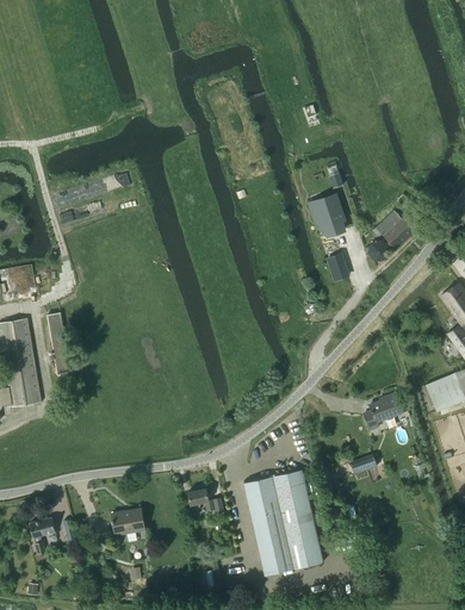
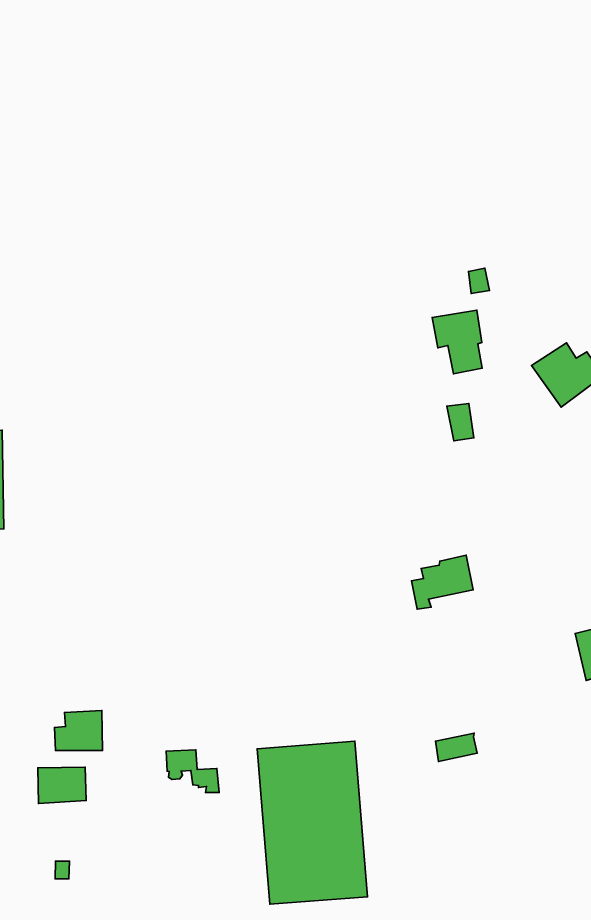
building: [364,392,402,429] -> [411,555,473,609]
building: none -> [54,710,103,750]

